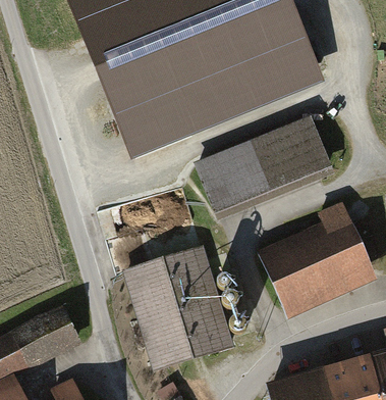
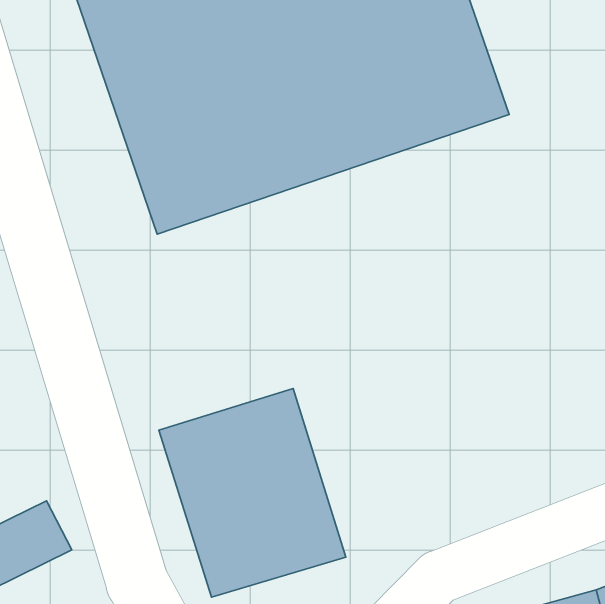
building: [200,118,322,209] -> none
building: [261,202,370,303] -> none

